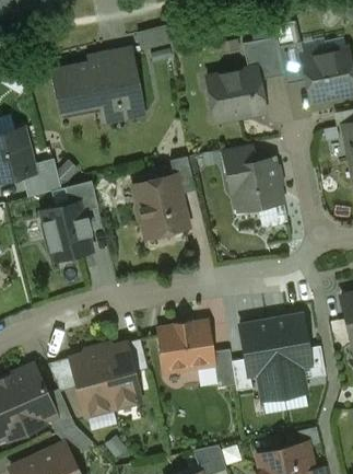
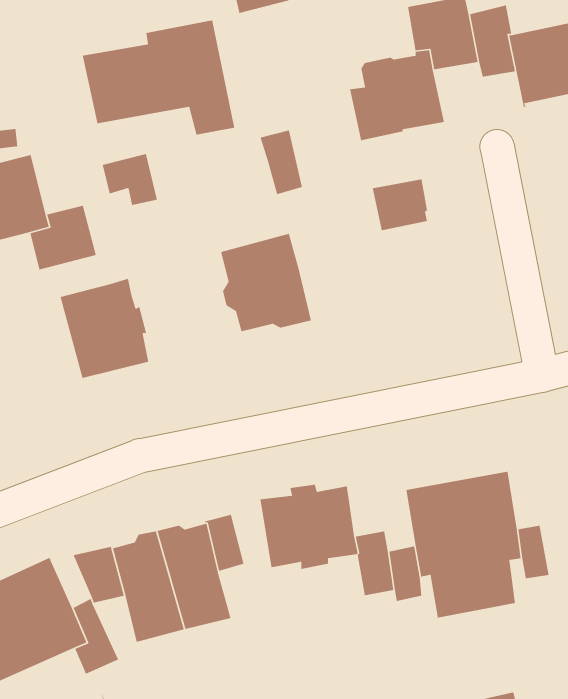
building: [169,157,195,195] -> [260,130,303,195]
building: [227,159,281,210] -> none
building: [64,181,97,211] -> [102,153,158,206]

